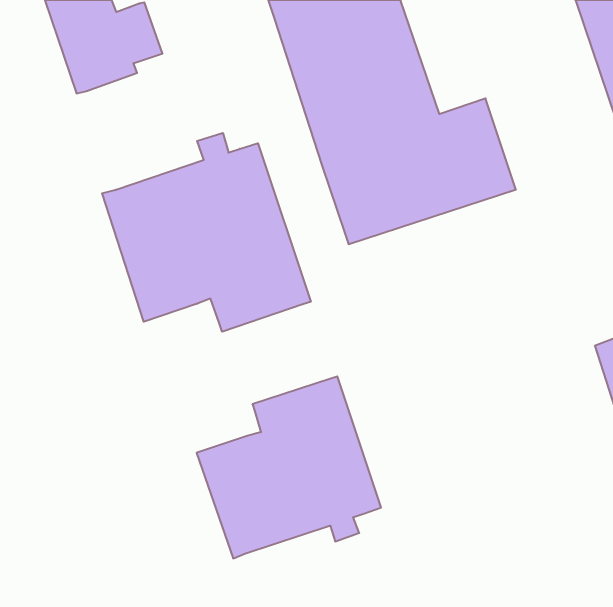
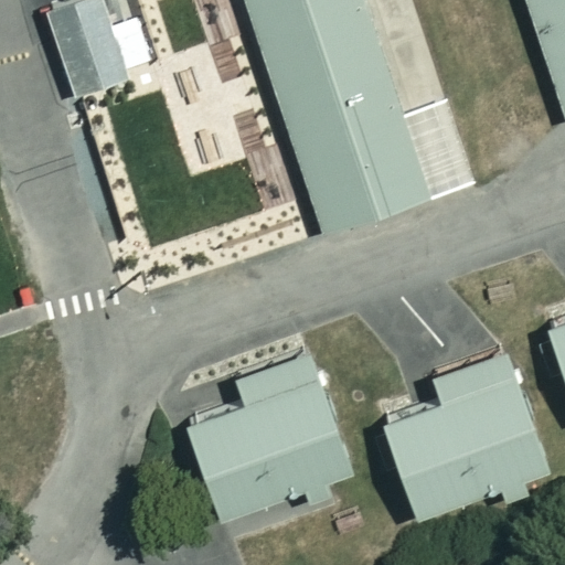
building: [102,133,311,332] -> none
building: none -> [381,352,548,518]

